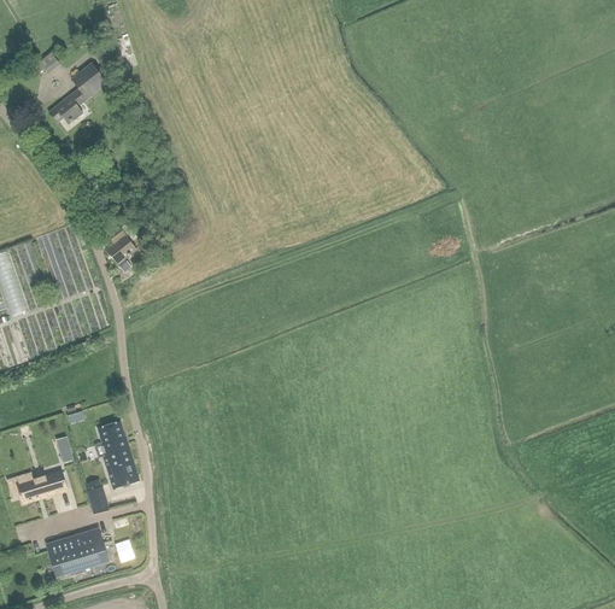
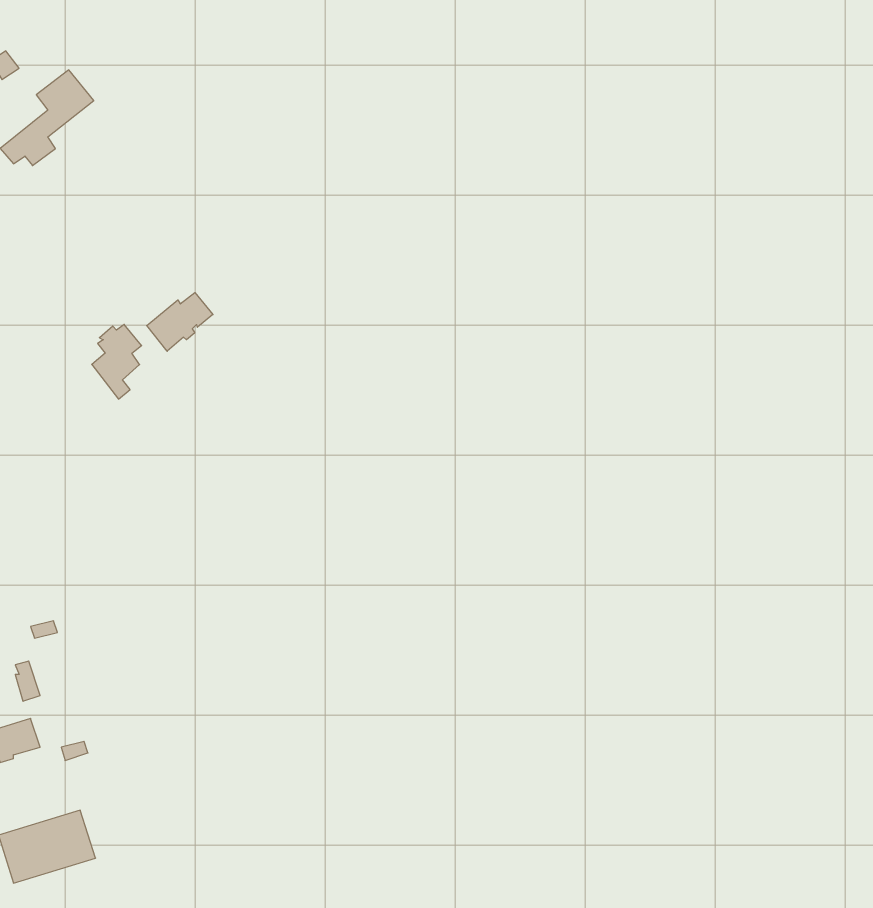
building: none -> [147,293,213,351]
building: [96,420,137,487] -> none

